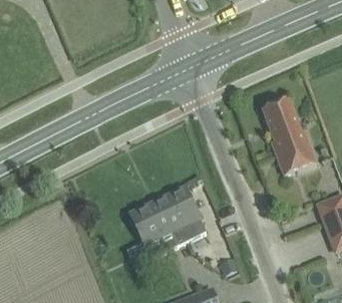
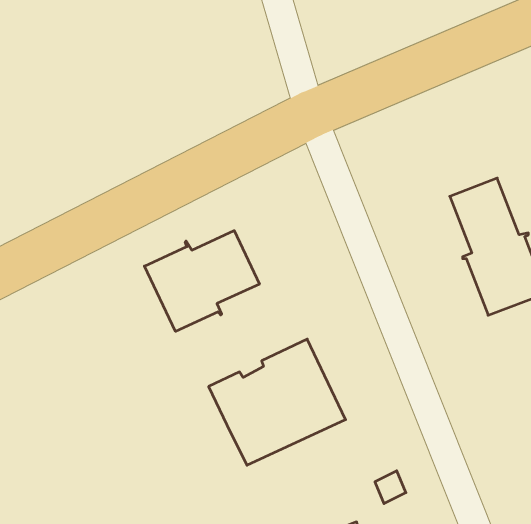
building: none -> [144,231,259,331]

